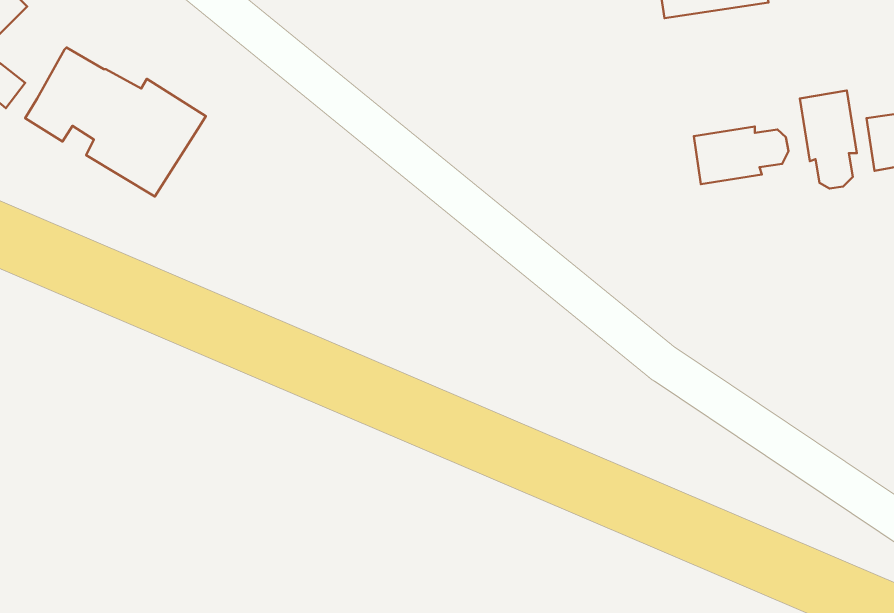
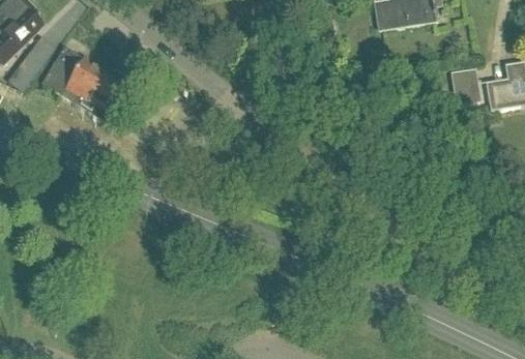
building: [694,127,788,184] -> none

